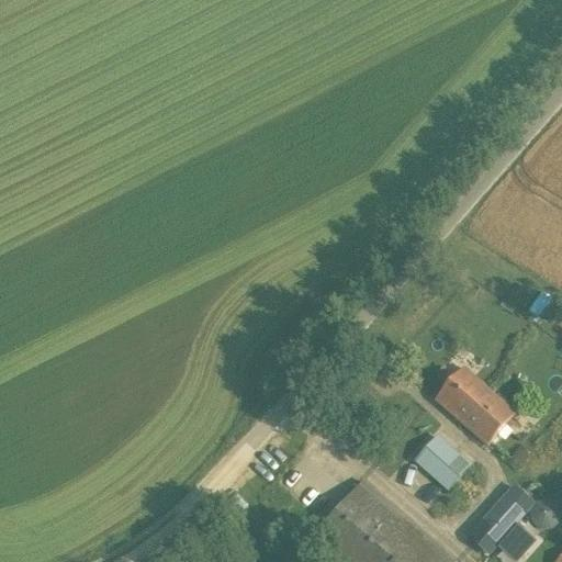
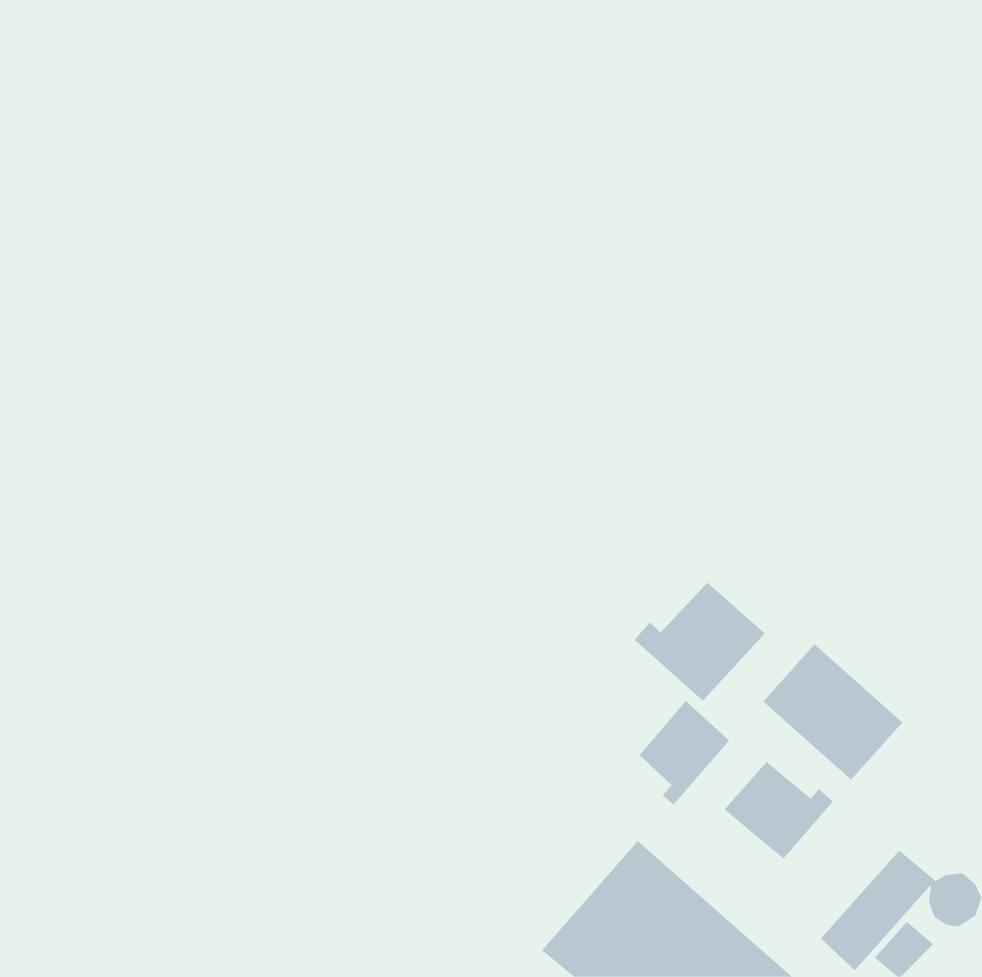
building: none -> [634,582,766,702]
building: none -> [639,700,730,806]

